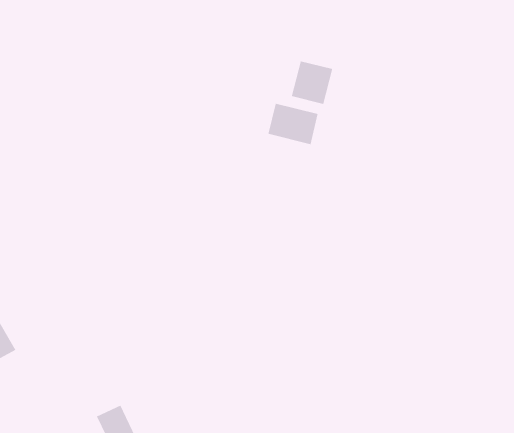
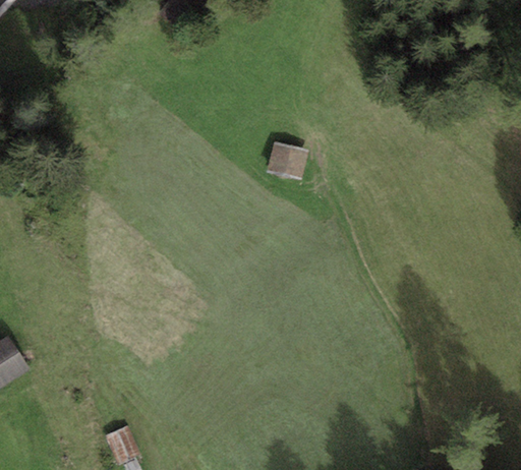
building: [291,60,333,105] -> none

